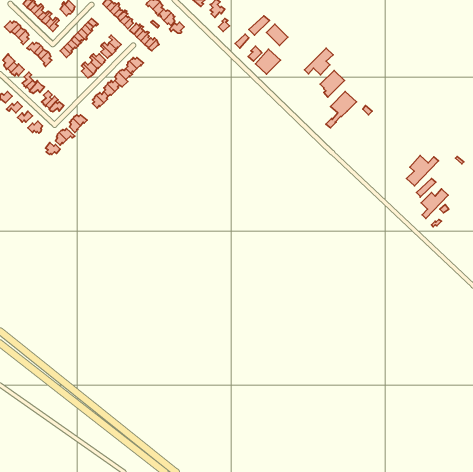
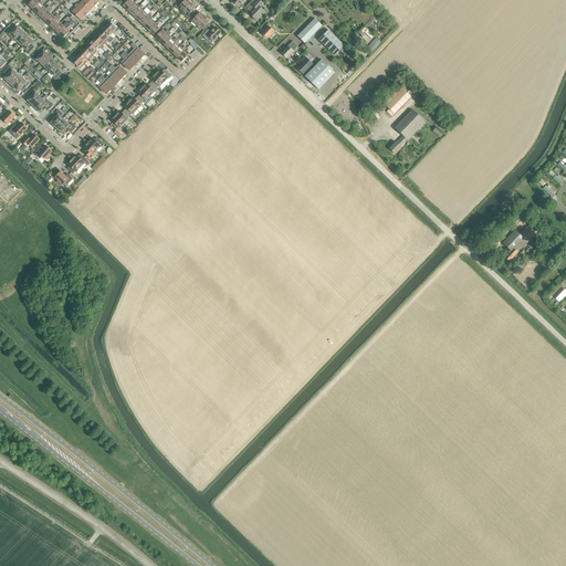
building: [304,48,333,75] -> none
building: [406,156,438,186] -> none

